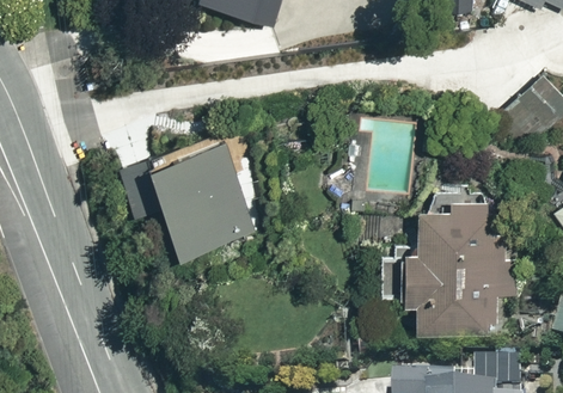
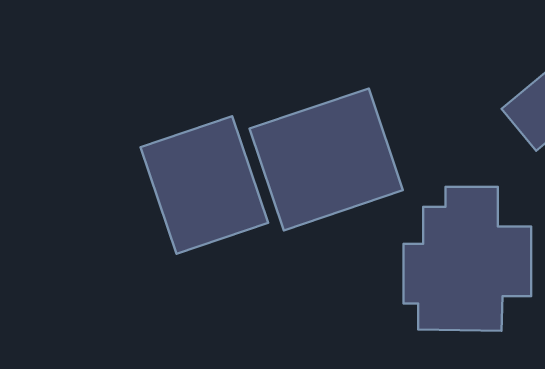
building: none -> [250,88,403,230]

